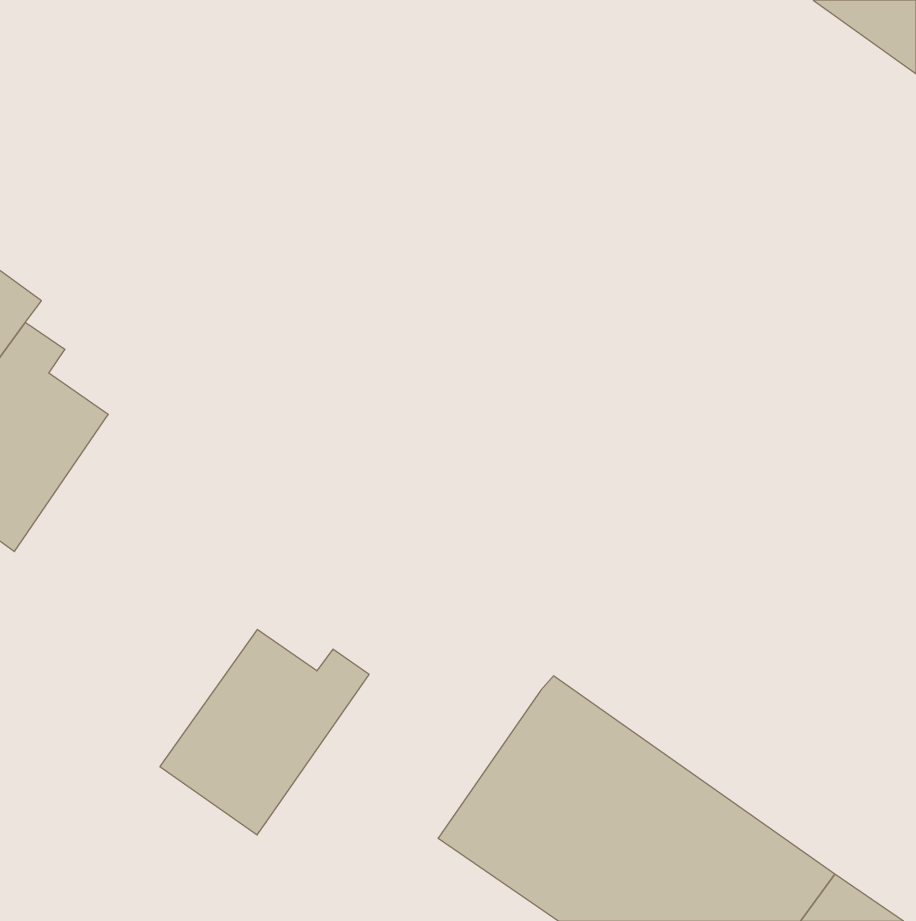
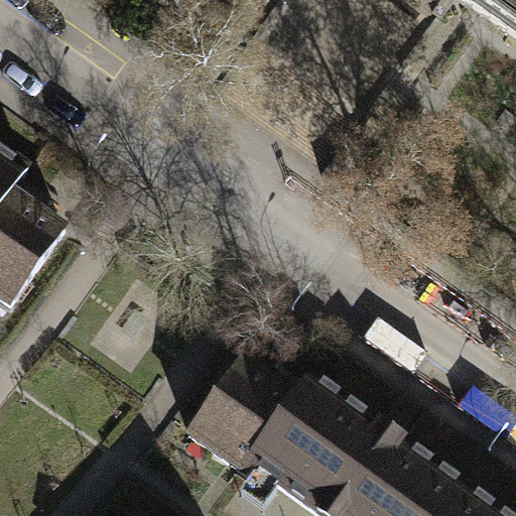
building: [160,629,369,835] -> [185,361,302,476]

